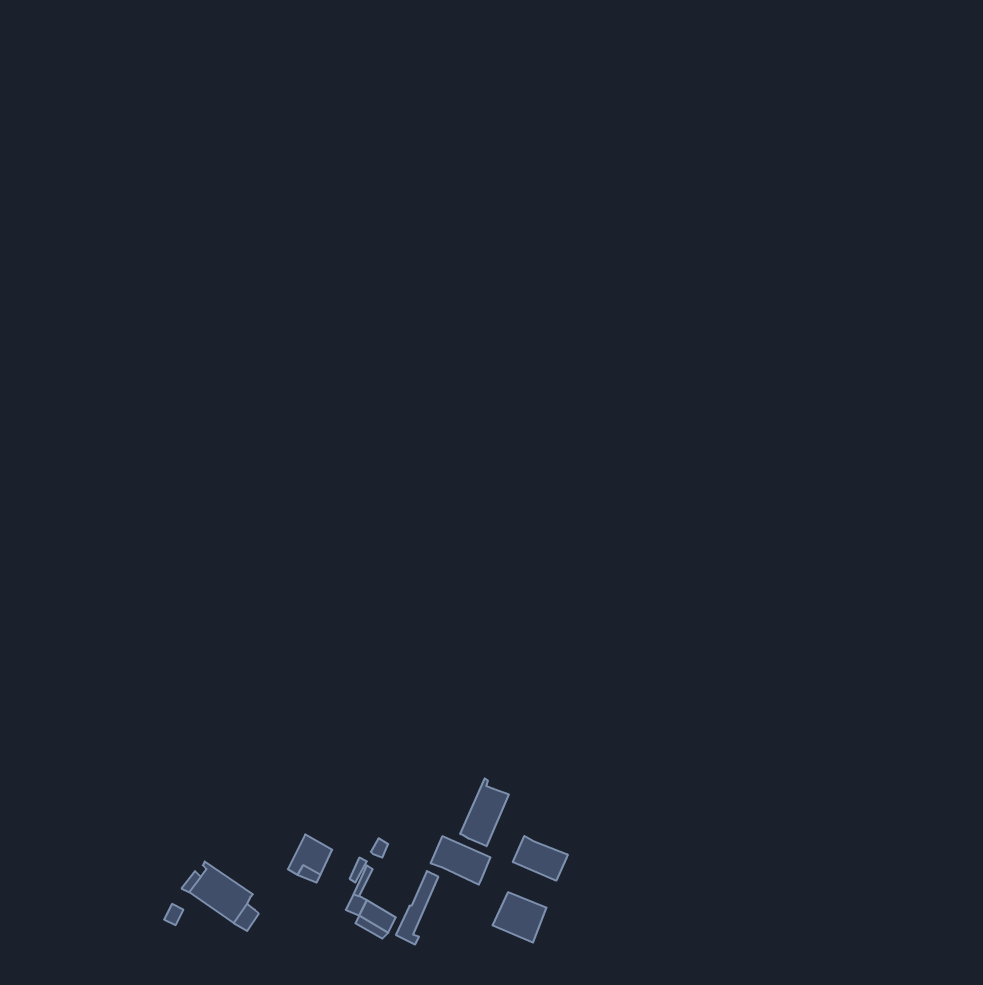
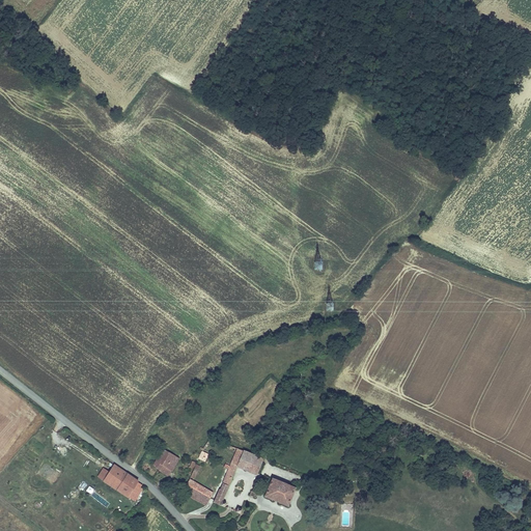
building: [460,778,509,846] -> none
building: [513,836,568,881] -> none

